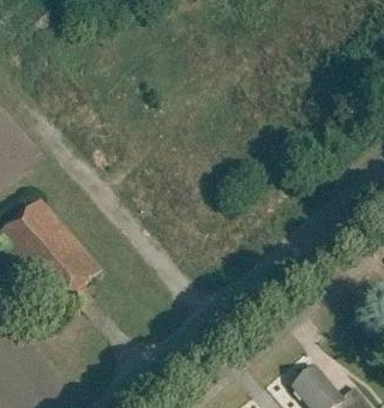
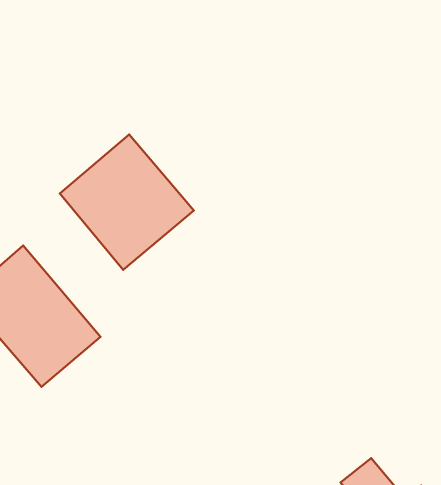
building: none -> [60,135,194,270]

